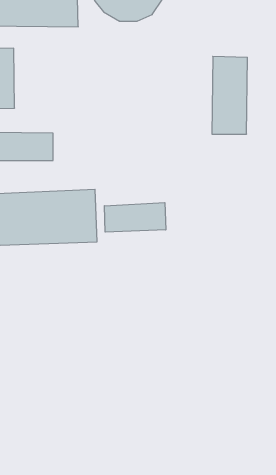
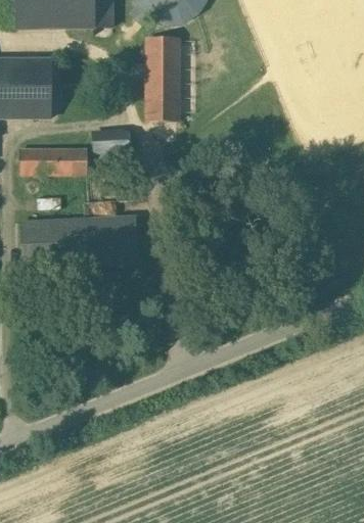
building: [212,56,247,134] -> [144,37,183,122]
building: none -> [93,130,131,160]
building: [104,203,166,232] -> none

